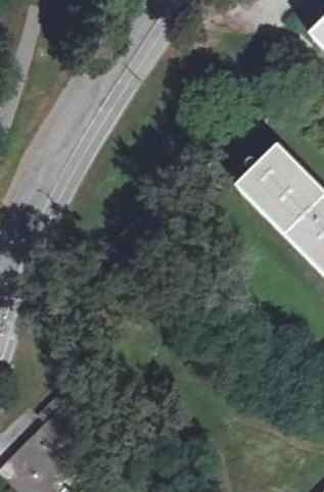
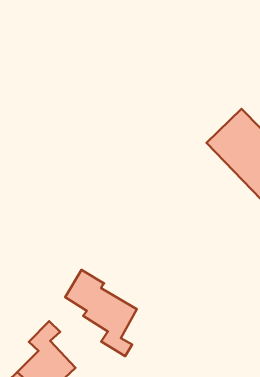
building: none -> [65,270,137,356]

